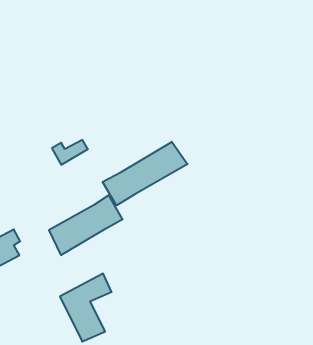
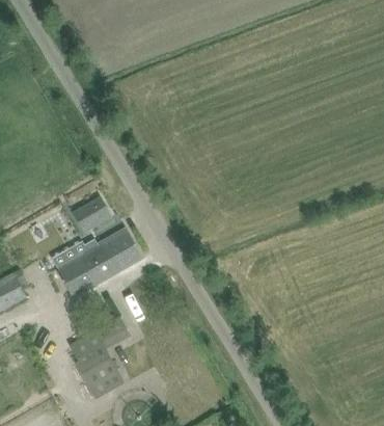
building: [52,140,88,165] -> [70,205,110,233]
building: [103,142,188,205] -> none

